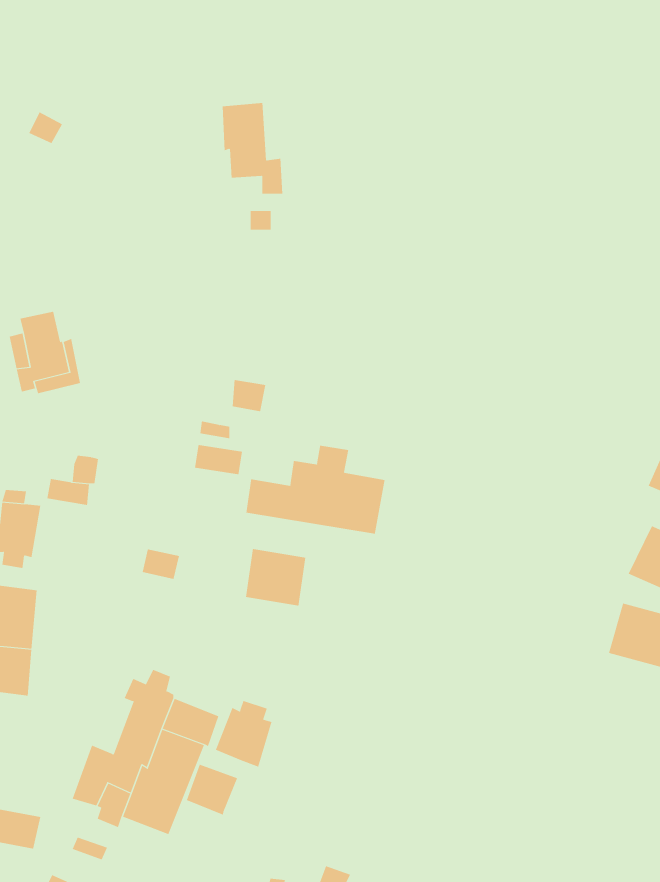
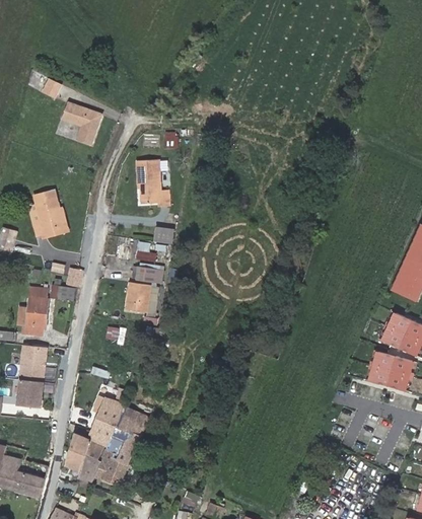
building: [222,102,283,194] -> [136,161,170,213]
building: none -> [61,101,101,144]
building: [246,445,385,535] -> none
building: [245,549,306,606] -> [123,280,157,312]
building: [215,700,272,768] -> none
building: [186,764,238,815] -> none

